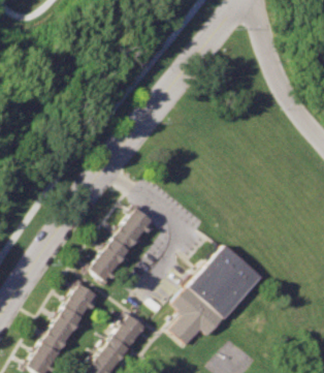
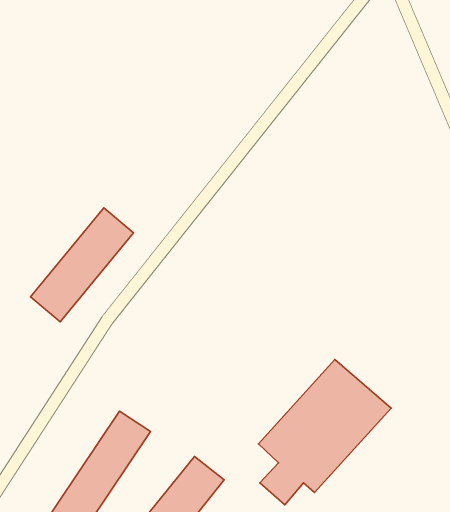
building: [89,207,157,282] -> [31,208,134,322]

